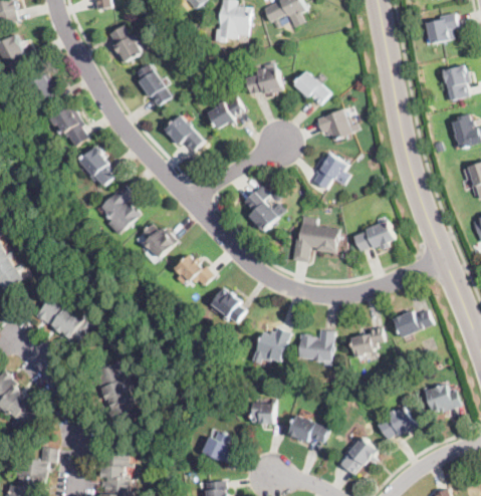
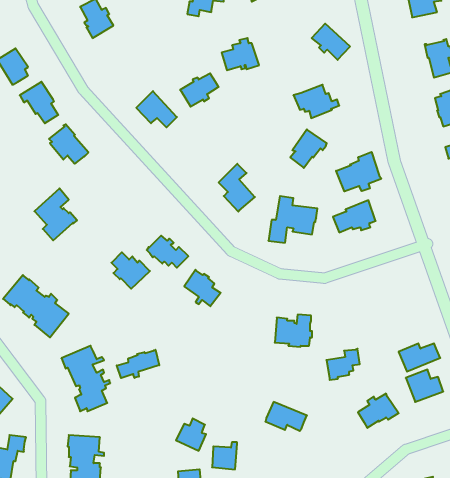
building: [134,63,172,106] -> none
building: [293,70,330,105] -> [312,24,350,60]
building: none -> [336,152,381,191]
building: [99,184,141,234] -> [34,188,77,240]
building: [141,223,178,258] -> [111,252,150,289]
building: [393,310,433,337] -> [399,343,440,372]
building: [351,326,384,356] -> [326,349,360,380]
building: [251,327,290,363] -> none
building: none -> [117,350,159,378]
building: [251,399,275,425] -> [212,442,237,469]
building: [340,437,379,474] -> none

